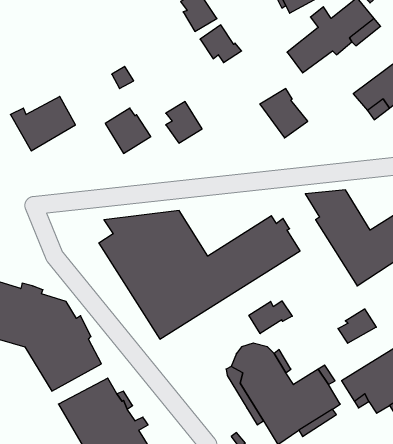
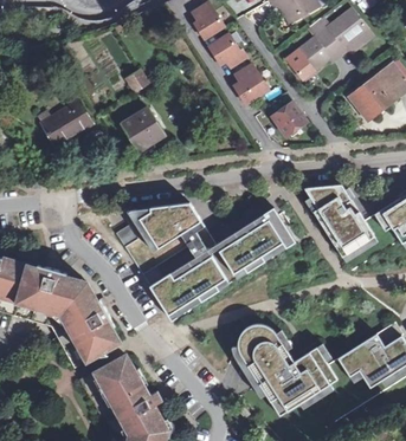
building: [166,102,202,143] -> [233,64,266,102]
building: [249,301,292,334] -> none
building: [338,309,376,343] -> none

